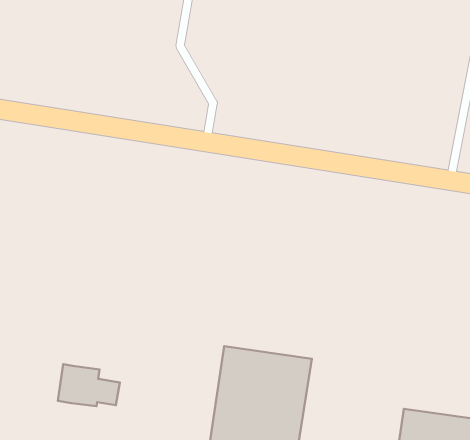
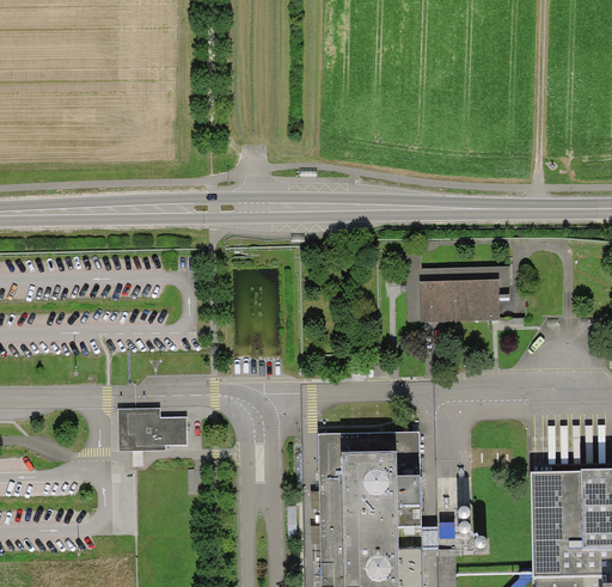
building: none -> [405,253,510,323]
building: [58,364,120,406] -> [121,408,188,451]

